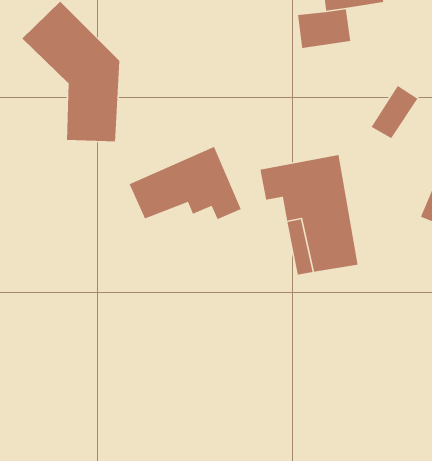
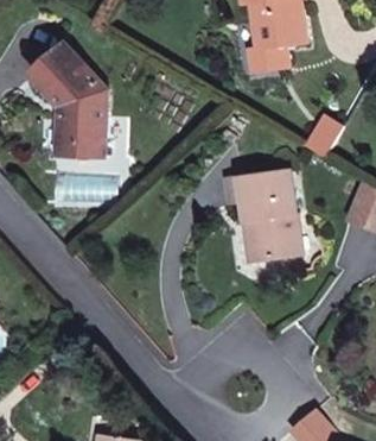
building: [128,146,242,220] -> none

